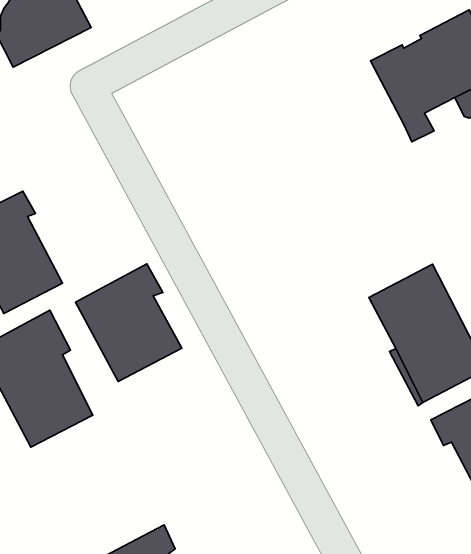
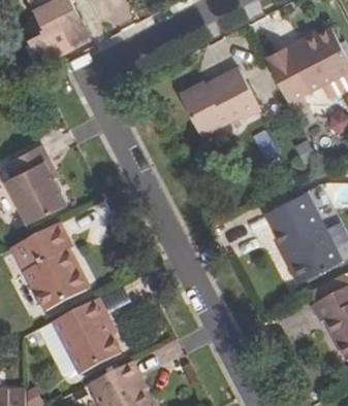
building: none -> [180,65,260,135]
building: [75,264,182,382] -> [52,297,121,373]

